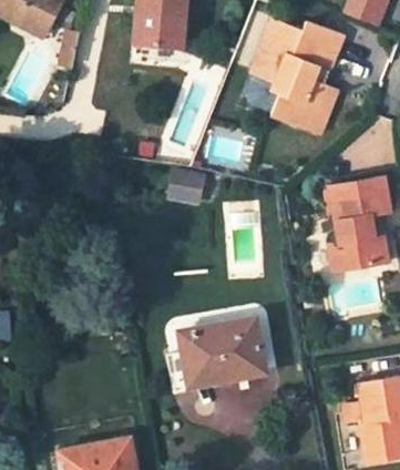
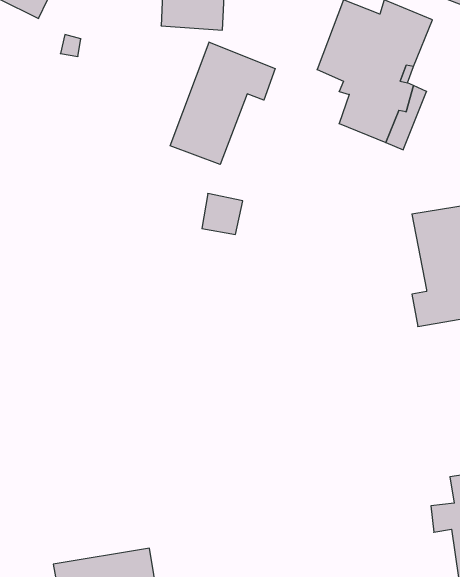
building: none -> [170,42,275,164]
building: [174,315,264,391] -> none

